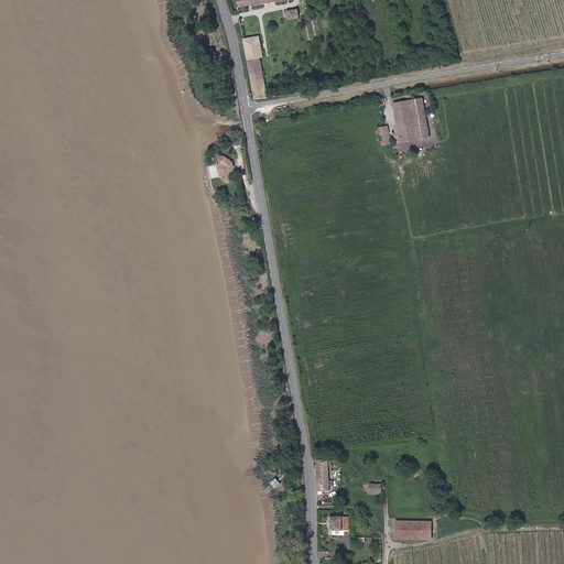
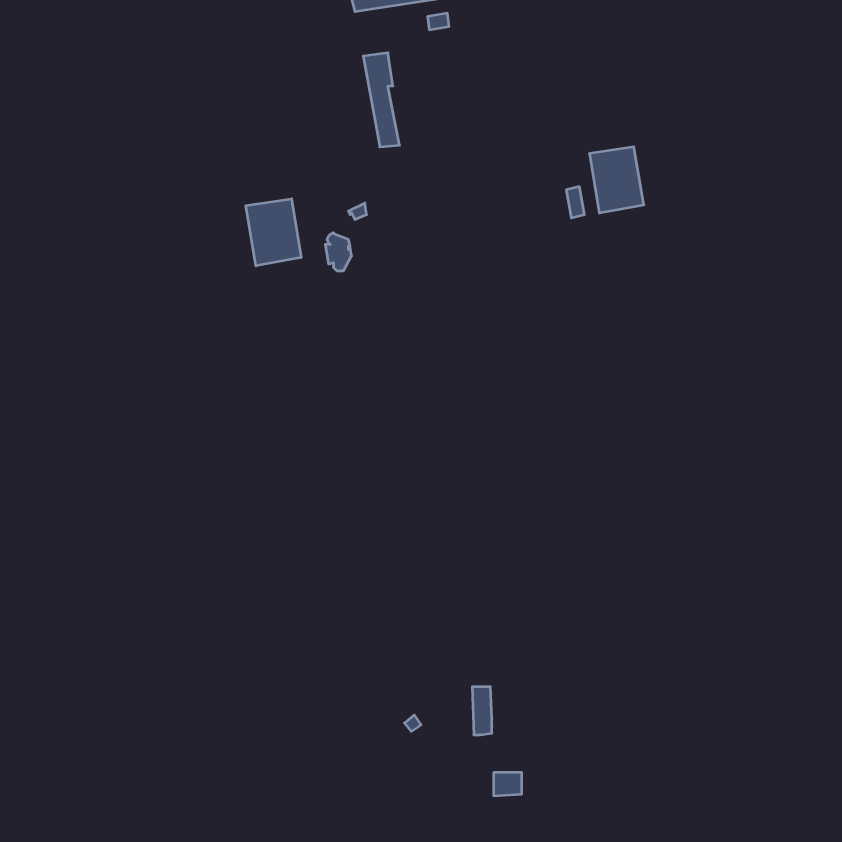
building: none -> [246,199,301,266]
building: [393,520,430,538] -> none

